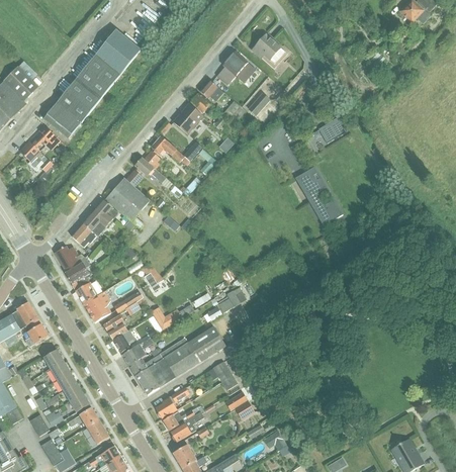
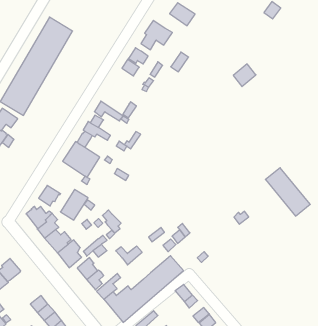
building: [172,103,202,133] -> none
building: [294,167,342,225] -> [265,168,310,216]
building: [83,200,117,235] -> [60,189,88,220]
building: [23,318,48,347] -> none

